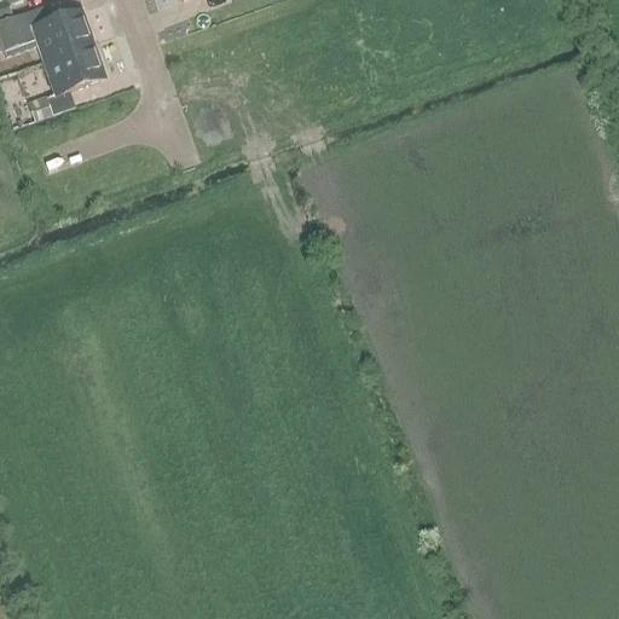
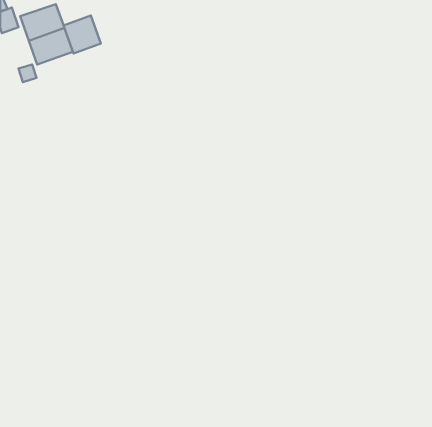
building: none -> [63,16,101,53]

